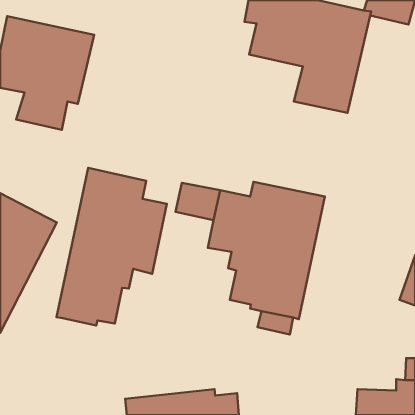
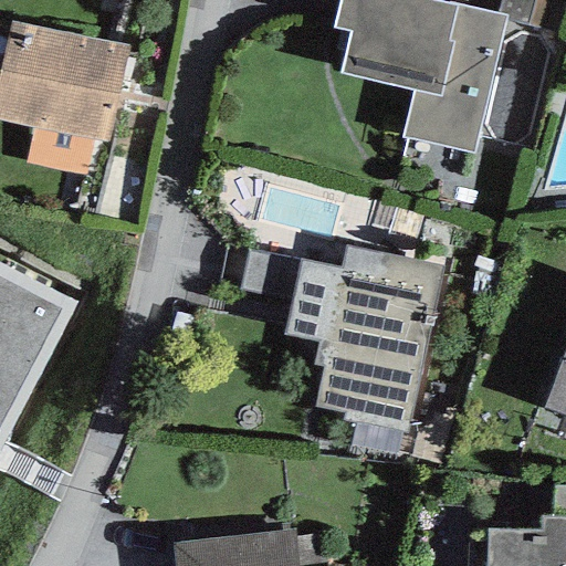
building: [56,168,167,325] -> none

